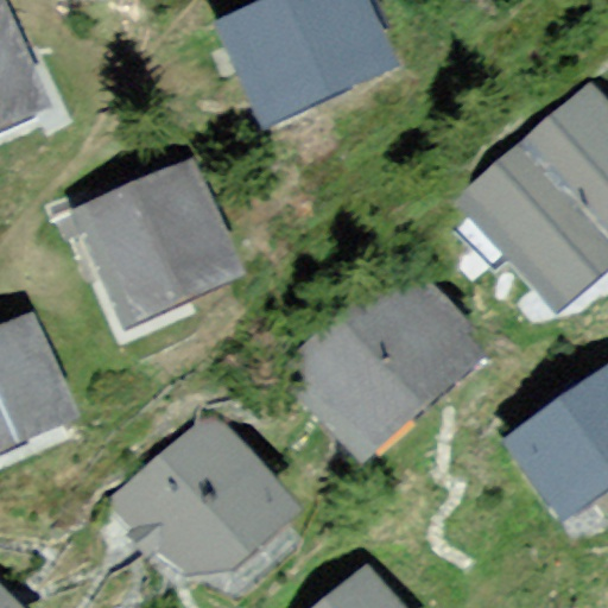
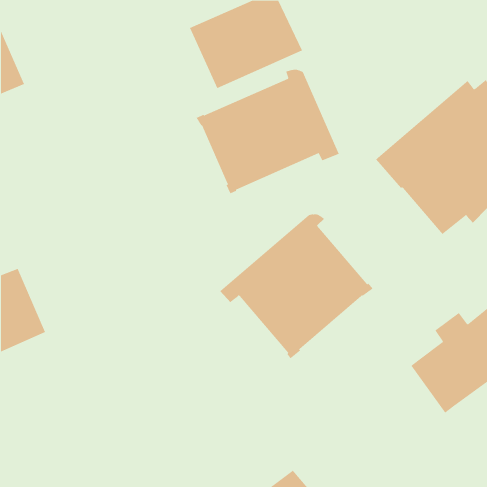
building: none -> [196,69,339,194]
building: [59,178,226,315] -> none
building: [121,426,280,566] -> none

